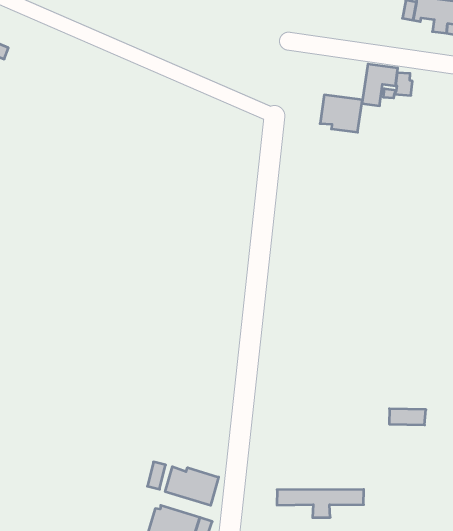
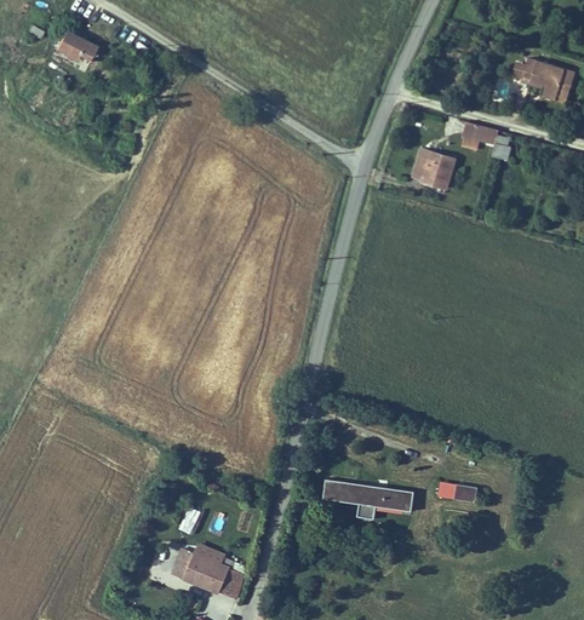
building: [165,467,219,505] -> none
building: [277,489,364,518] -> [321,481,413,517]

